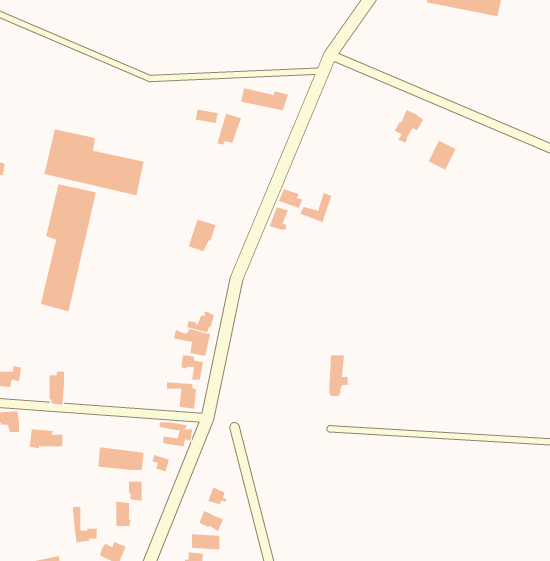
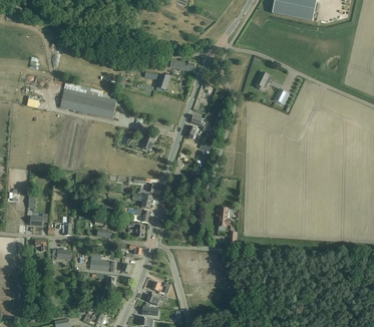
building: [40,183,96,312] -> none

